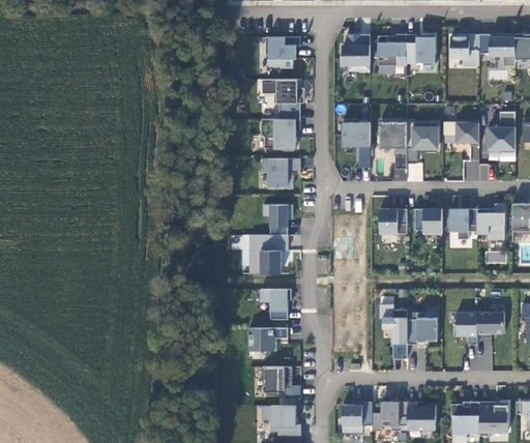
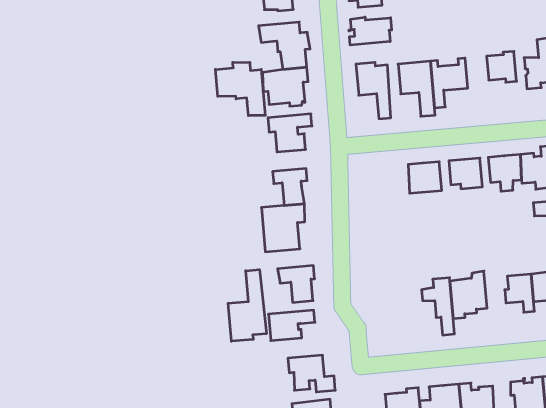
building: none -> [349,17,392,45]
building: none -> [215,62,265,116]
building: none -> [228,270,266,341]

